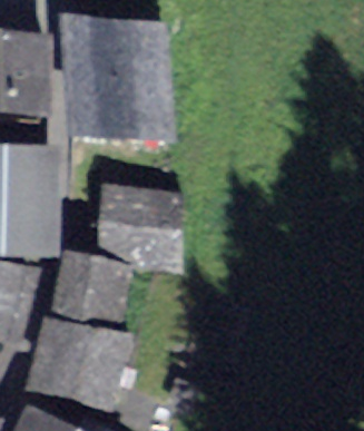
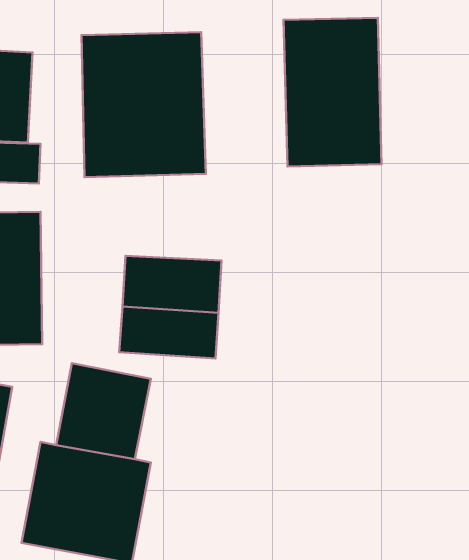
building: none -> [284,18,382,166]

